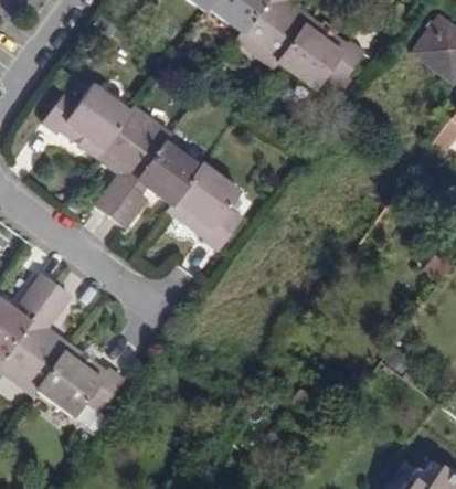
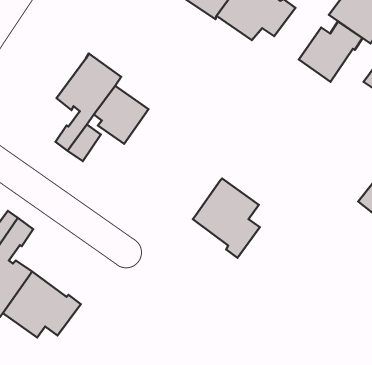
building: none -> [299,22,363,82]
building: [46,84,132,155] -> none
building: [171,164,244,251] -> [193,179,260,258]

